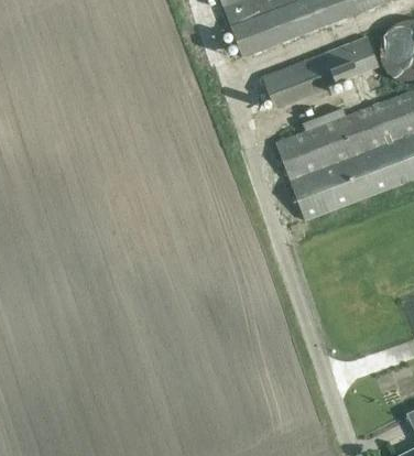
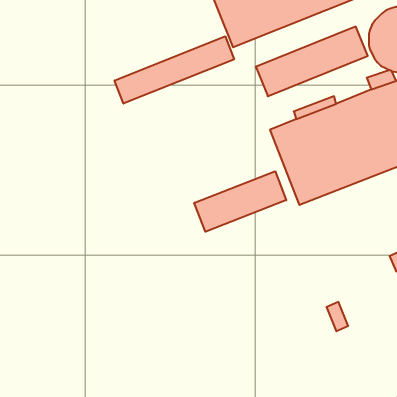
building: none -> [115,36,234,104]
building: none -> [194,171,286,232]

